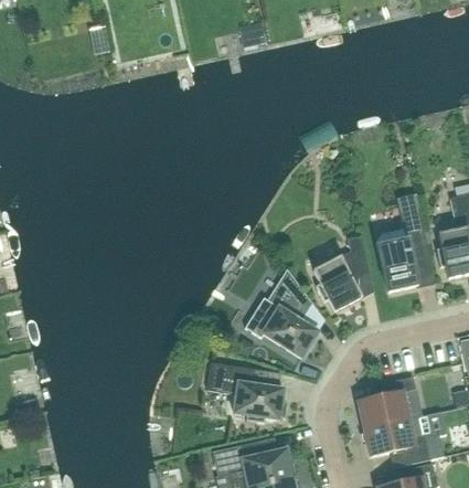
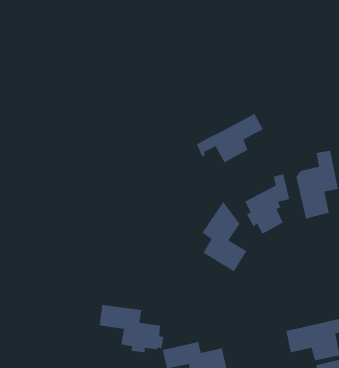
building: none -> [196,113,264,163]
building: [206,363,287,423] -> [99,304,165,353]
building: [356,376,417,428] -> none

